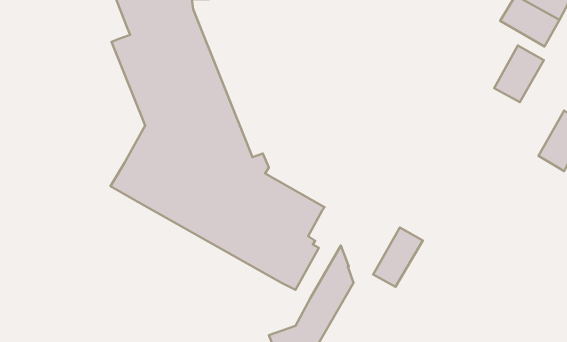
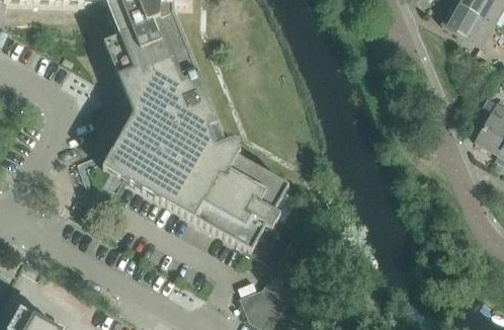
building: [494,45,544,102] -> none
building: [373,227,423,287] -> none

